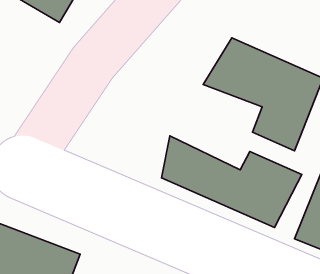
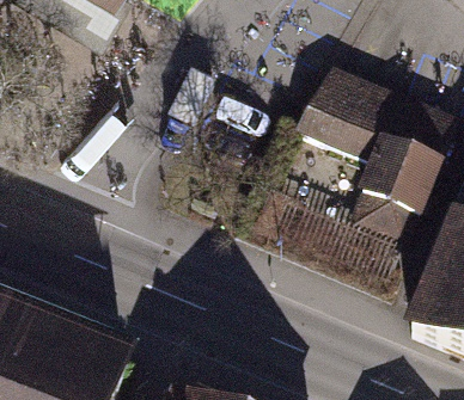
building: [161,136,302,228] -> none

